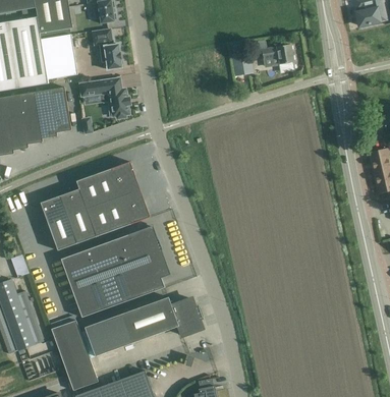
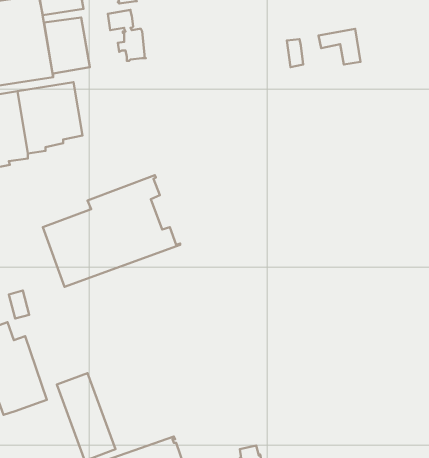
building: [80,78,131,118] -> none
building: [61,225,171,317] -> none
building: [86,296,203,356] -> none

